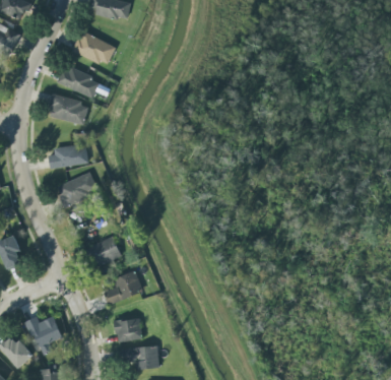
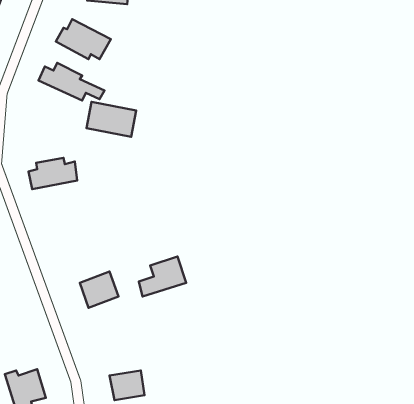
building: [48,96,88,124] -> [86,102,136,137]
building: [56,172,97,205] -> none
building: [105,271,143,304] -> [139,257,186,297]

